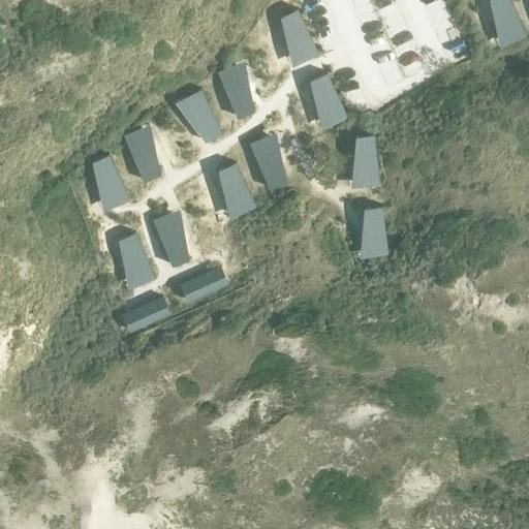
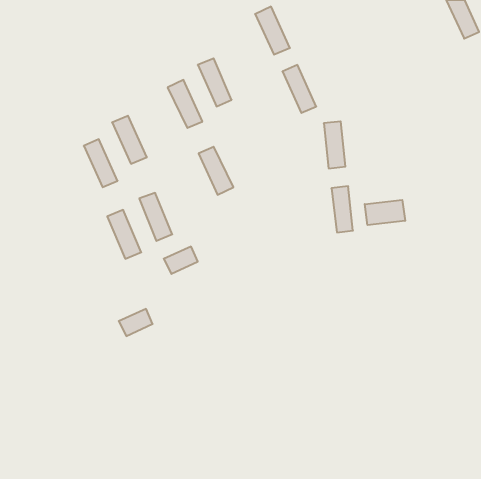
building: [249,136,287,190] -> none
building: none -> [365,200,405,225]
building: [133,298,170,328] -> [119,309,153,336]

